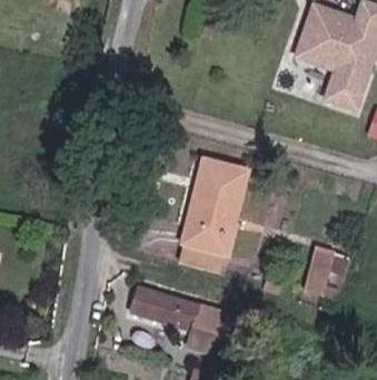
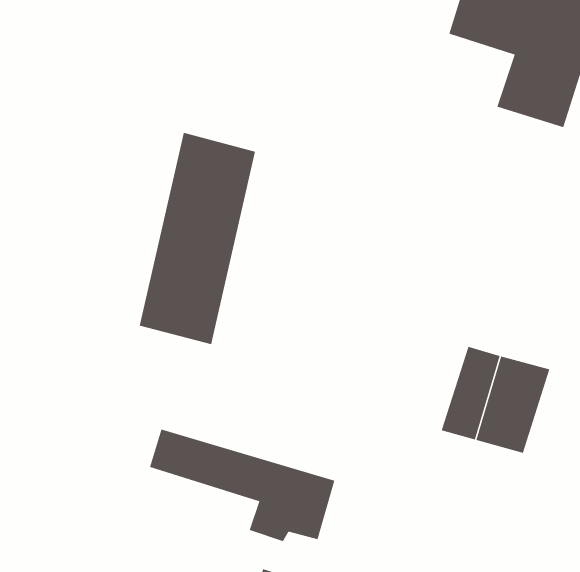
building: [178,155,246,279] -> [139,132,256,345]

